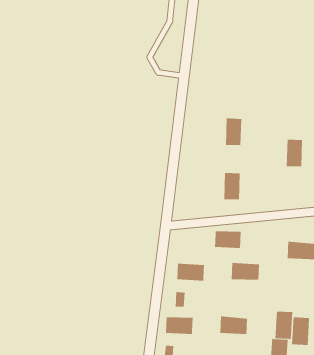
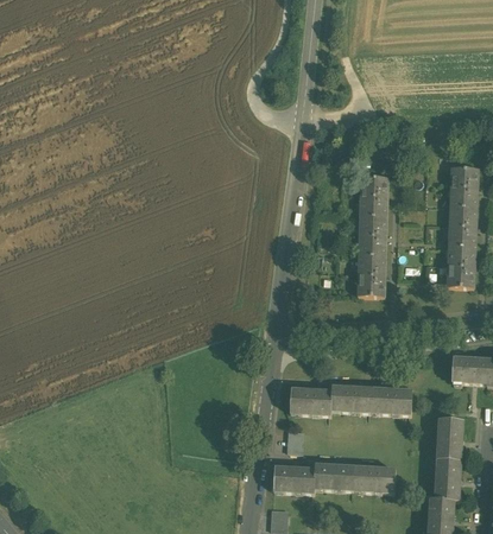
building: none -> [451,167,476,208]
building: none -> [360,216,385,256]
building: none -> [448,247,474,287]
building: [214,231,242,249] -> [330,386,371,412]
building: none -> [314,463,354,490]
building: [291,317,310,345] -> [436,418,463,459]

